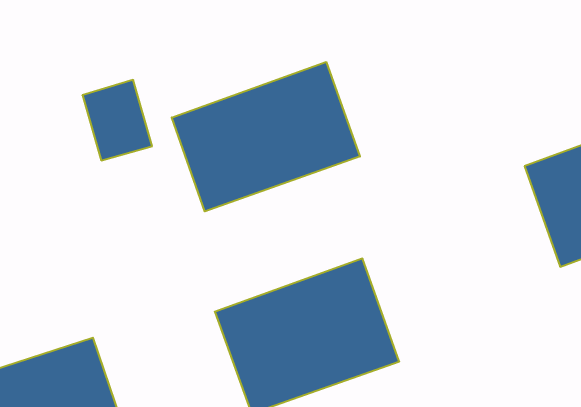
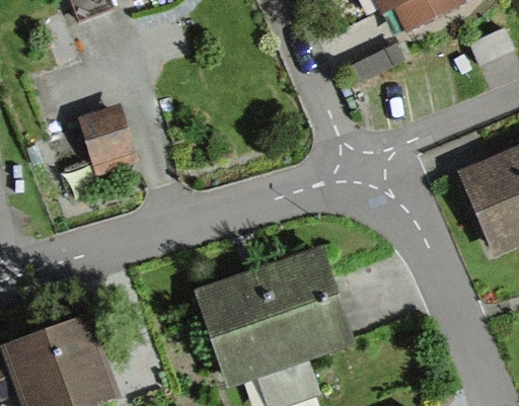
building: [172,62,360,211] -> none

